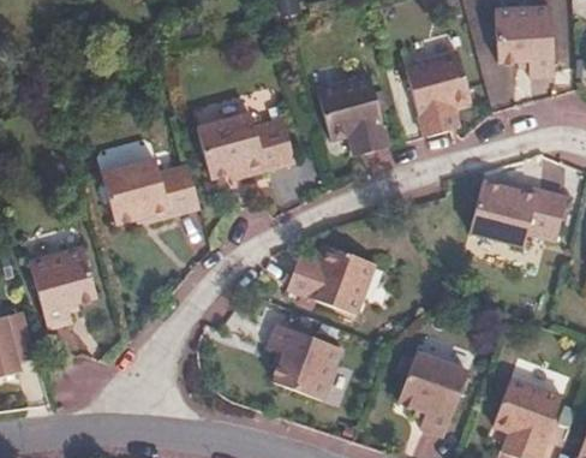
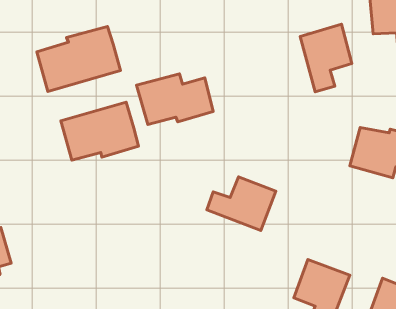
building: none -> [37,27,121,91]
building: [317,75,390,154] -> none
building: [29,245,96,327] -> none
building: [269,323,342,400] -> none

